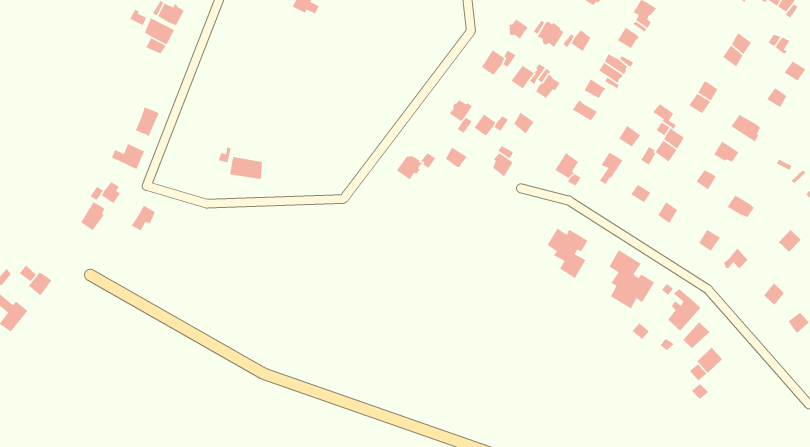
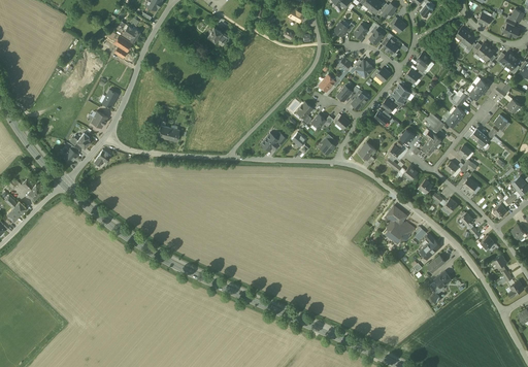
building: [547,228,589,279] -> none

